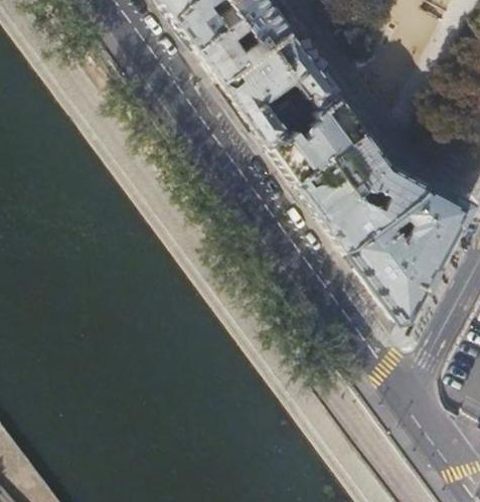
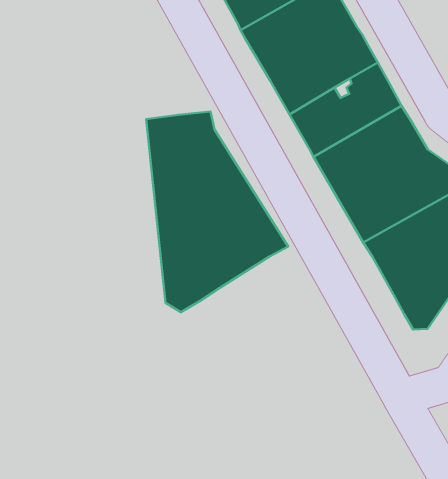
building: none -> [146,112,288,312]

